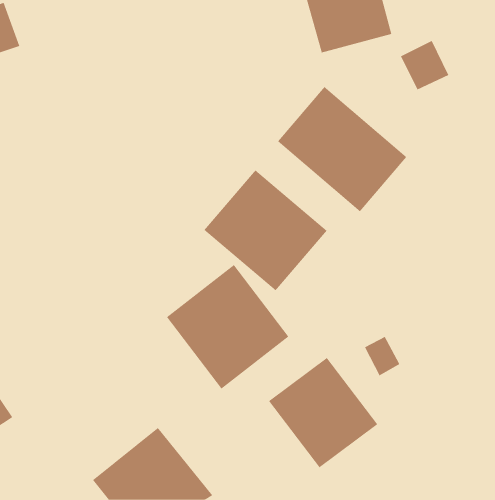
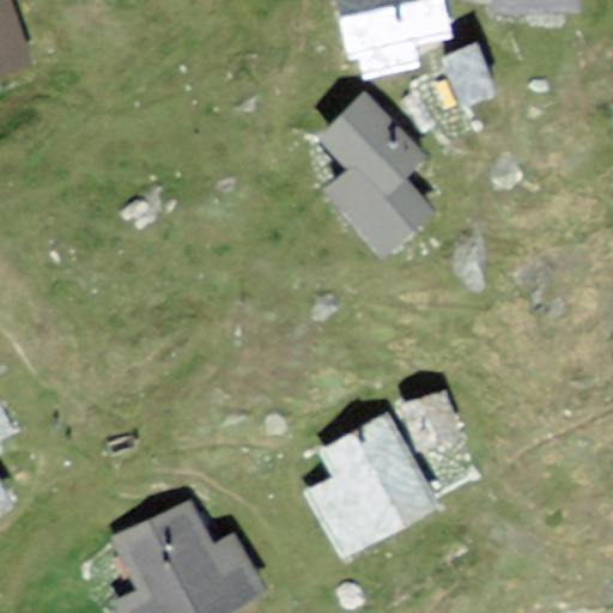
building: [203,170,327,291] -> none
building: [166,264,289,389] -> none

